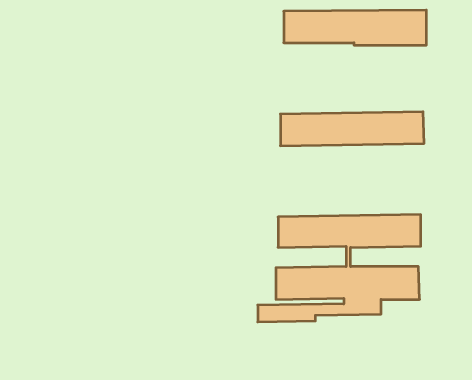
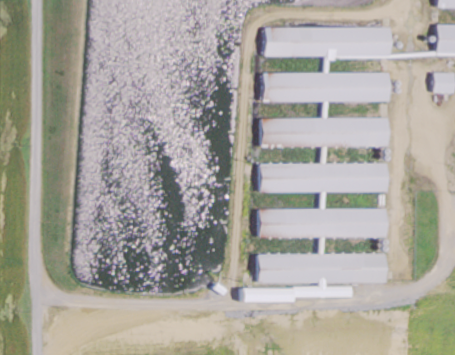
building: none -> [263,72,389,102]
building: none -> [260,163,386,193]

